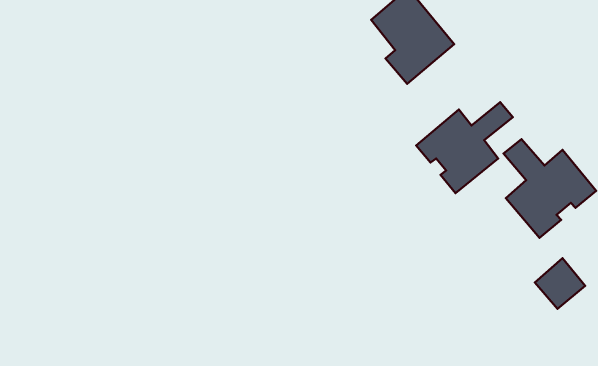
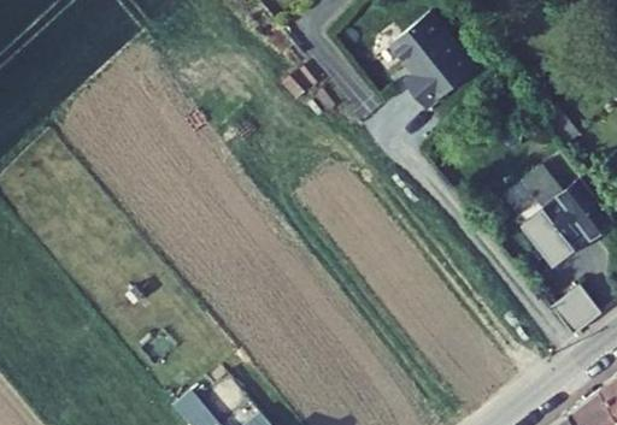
building: [416,102,513,193] -> none

